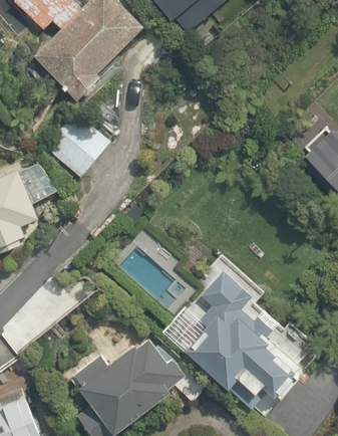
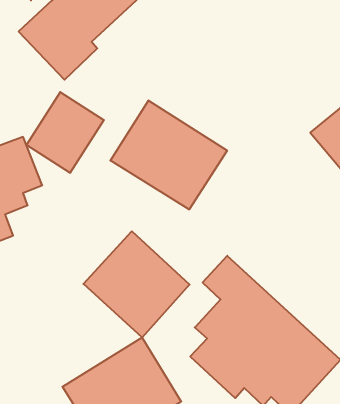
building: none -> [110,100,227,210]
building: none -> [83,231,190,338]

